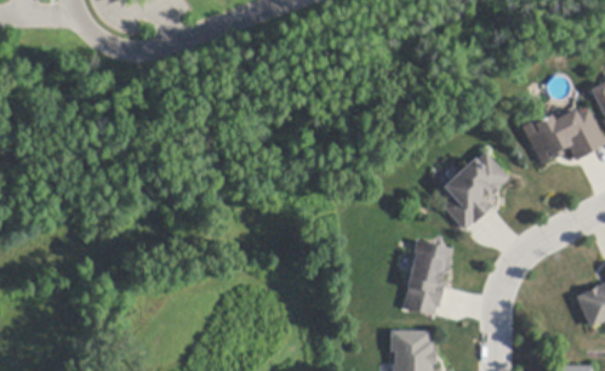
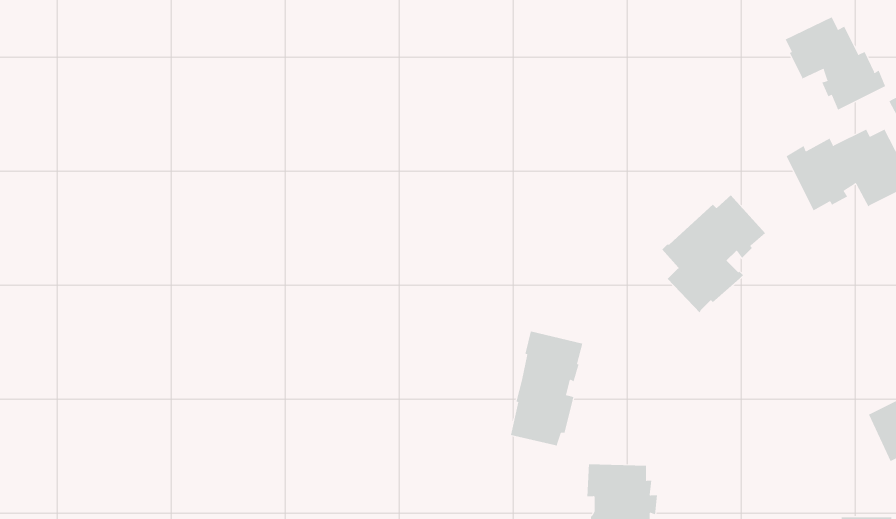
building: none -> [785,16,886,110]
building: [404,238,452,314] -> [510,331,583,446]

